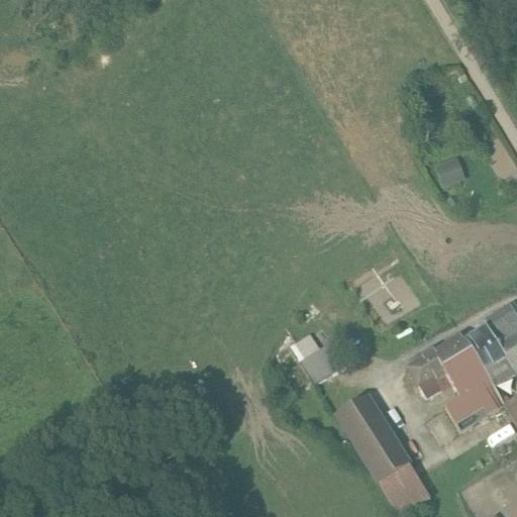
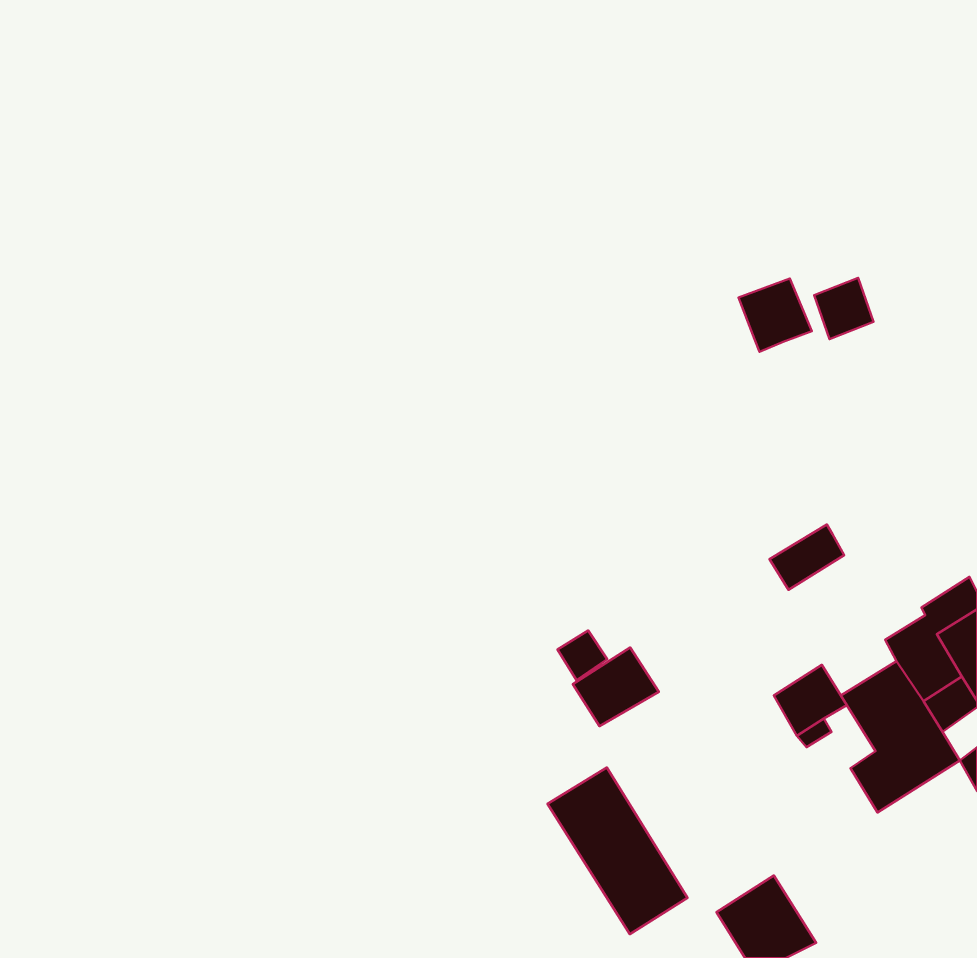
building: none -> [738,279,812,352]
building: [433,332,473,367] -> [769,525,844,590]
building: [334,393,408,481] -> [547,768,687,934]

